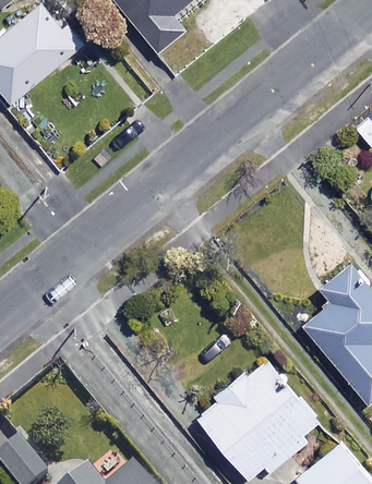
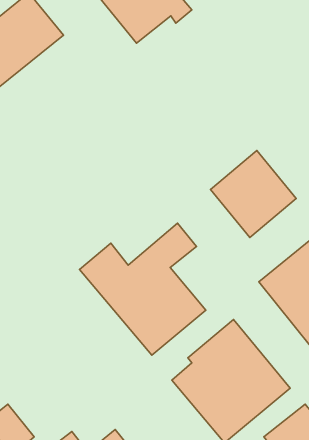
building: none -> [210,150,296,237]
building: none -> [79,223,206,355]

